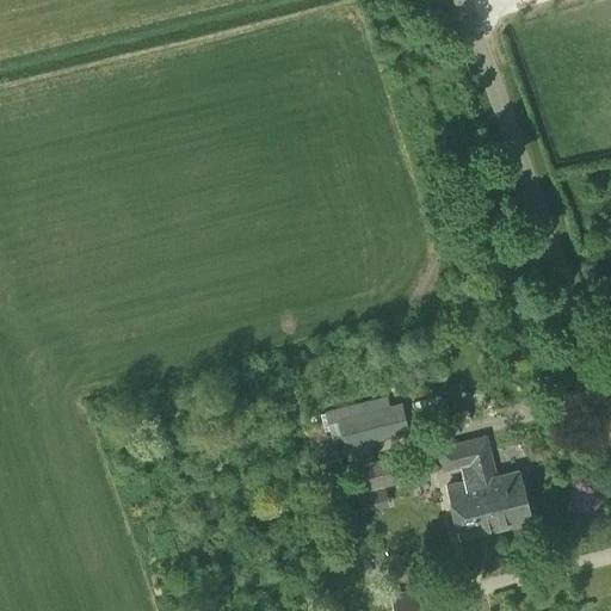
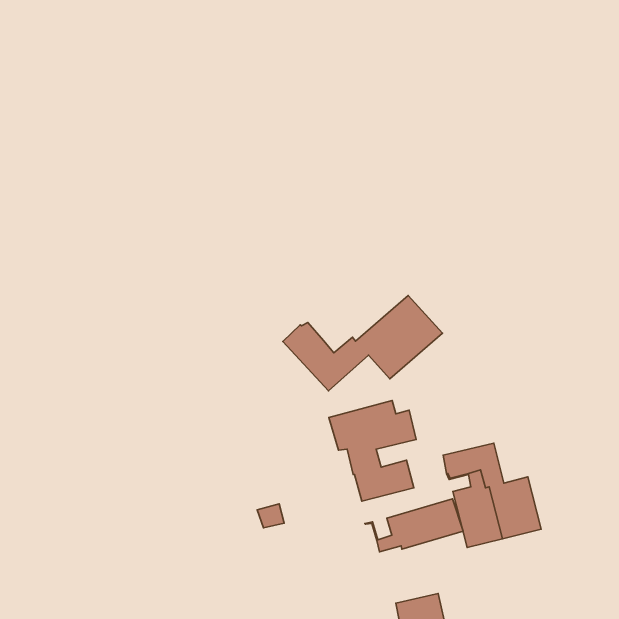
building: none -> [283,295,442,391]
building: none -> [365,499,463,552]

